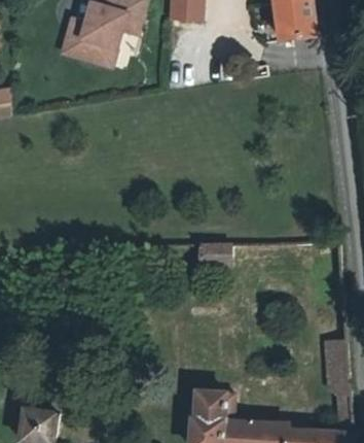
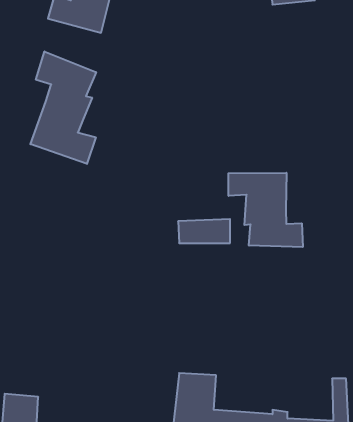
building: none -> [30,51,96,164]
building: none -> [228,173,303,247]

